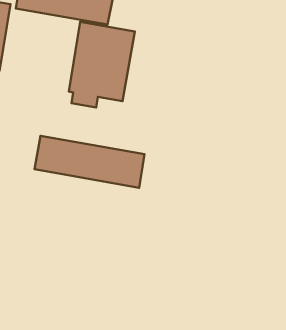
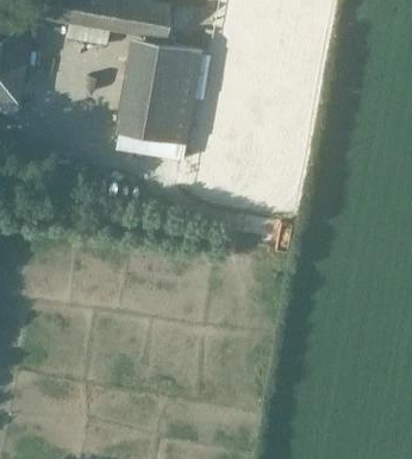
building: [34,136,144,188] -> none

